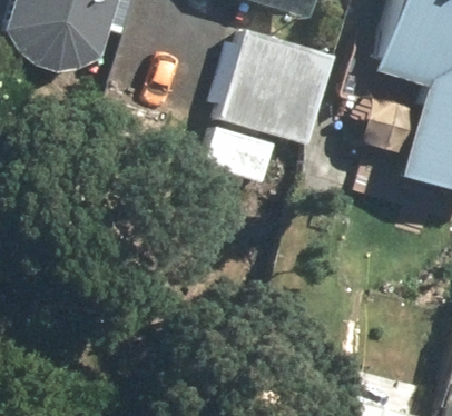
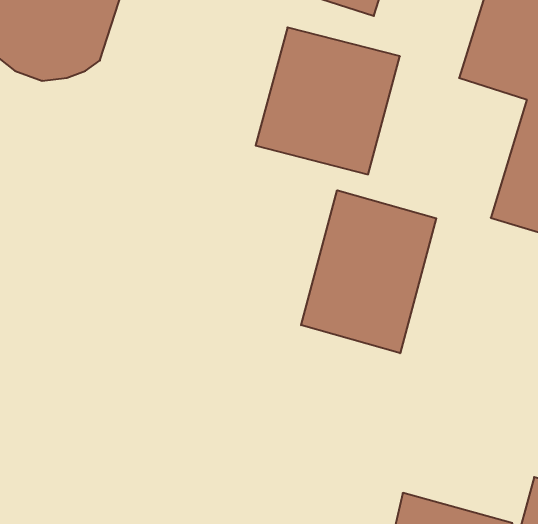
building: none -> [301,190,436,353]

